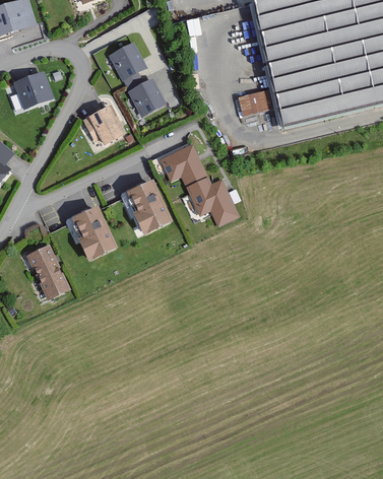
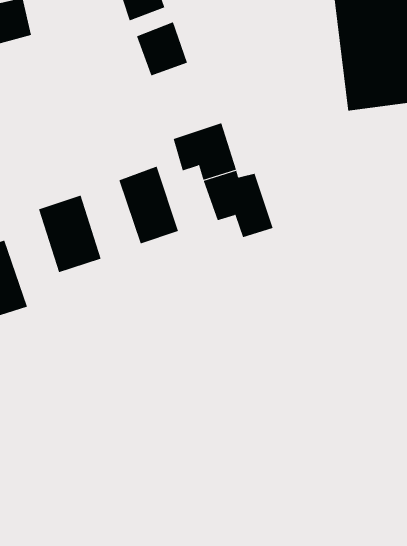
building: [237,87,272,115] -> none
building: [80,106,126,147] -> none

